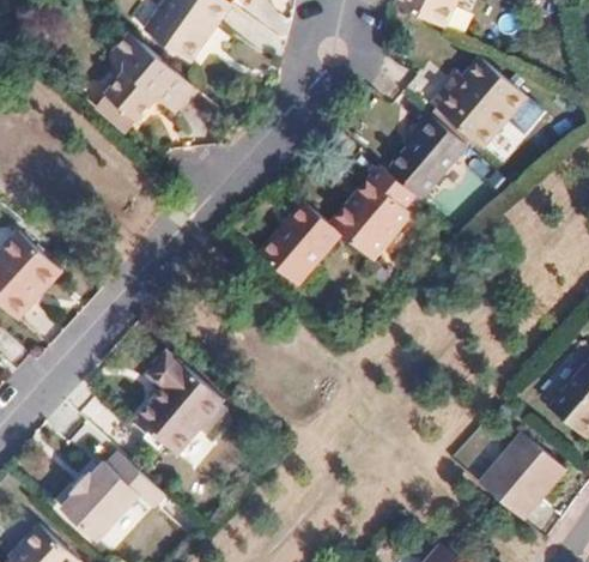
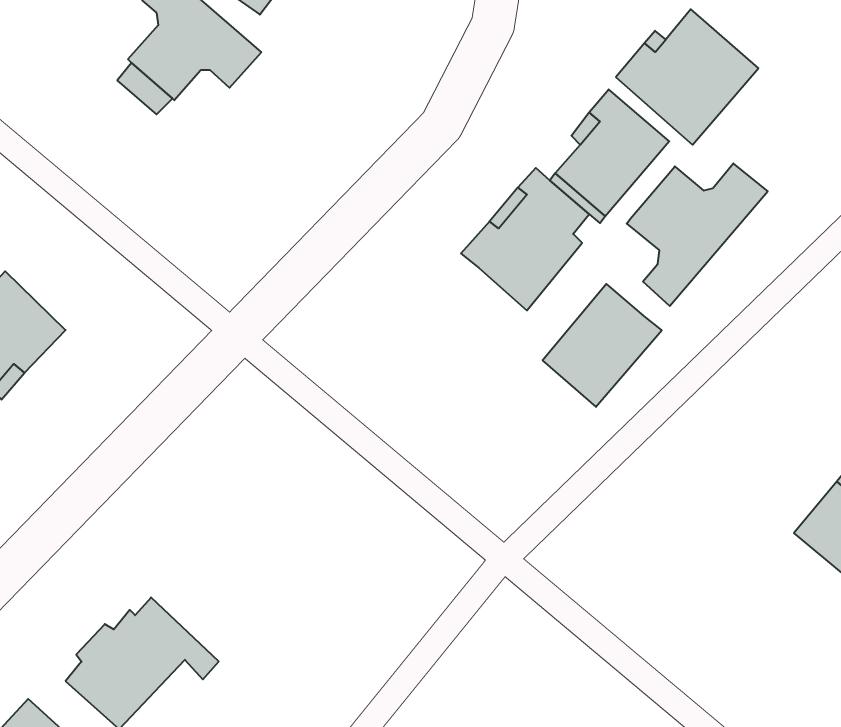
building: none -> [627,163,768,306]
building: [259,200,339,283] -> [543,284,662,407]
building: [138,352,223,455] -> none
building: [478,434,563,520] -> none

